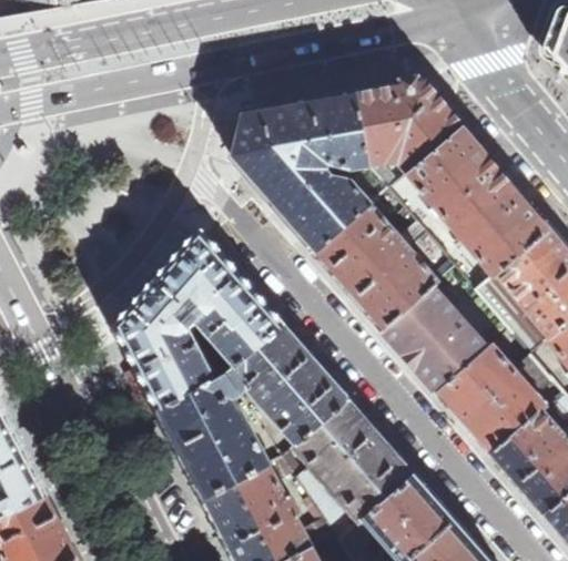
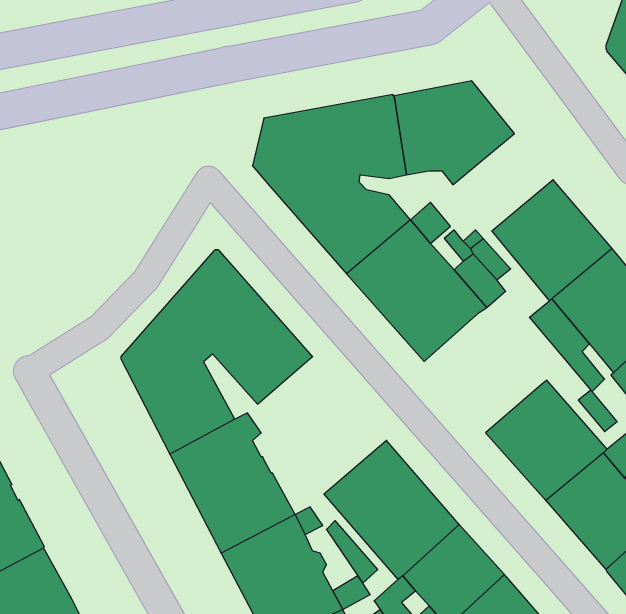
building: [409,129,498,215] -> none
building: [384,287,488,394] -> none
building: [227,326,351,447] -> none

